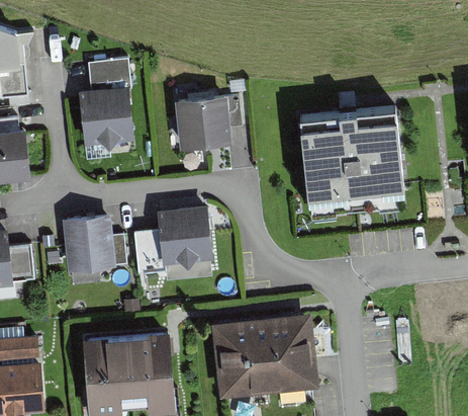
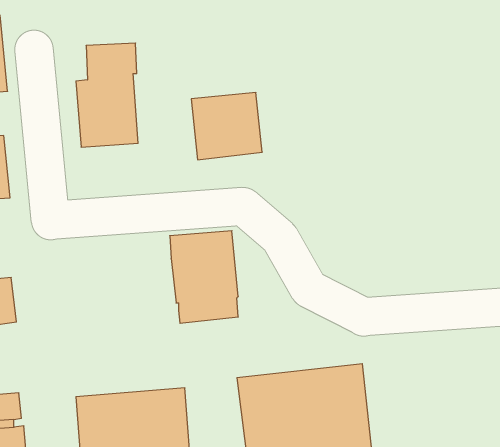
building: [300,103,403,200] -> none
building: [62,216,114,272] -> none
building: [133,230,164,273] -> none

